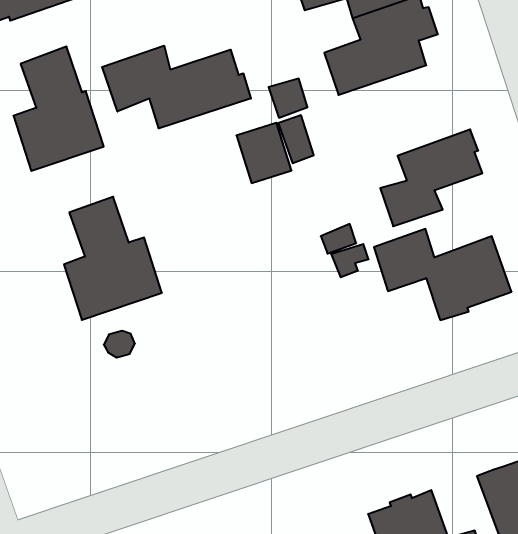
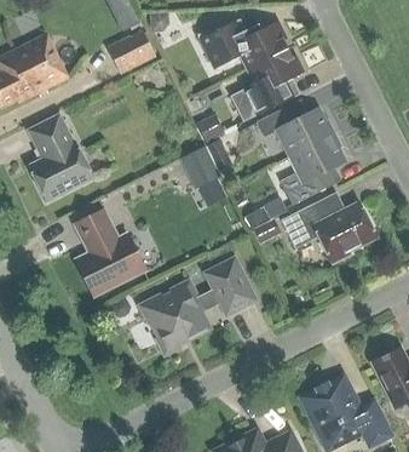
building: [102,46,251,128] -> none
building: none -> [257,107,334,156]
building: none -> [139,256,257,354]

